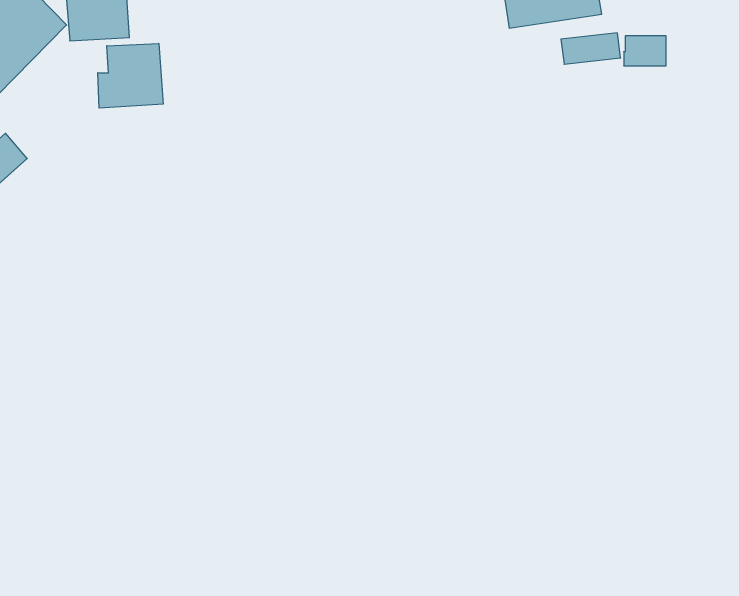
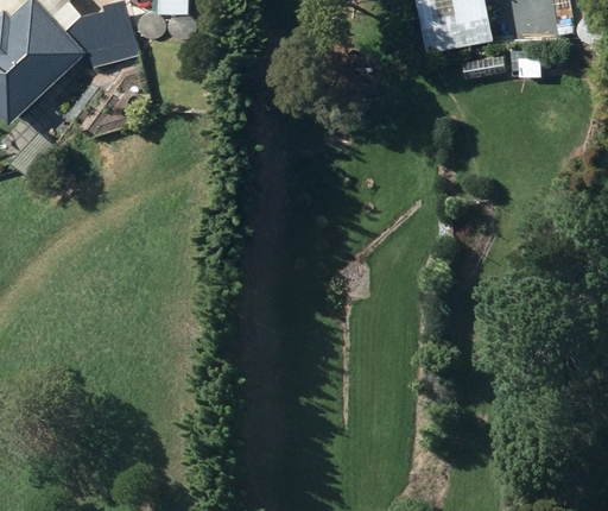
building: [98,43,163,108] -> none

